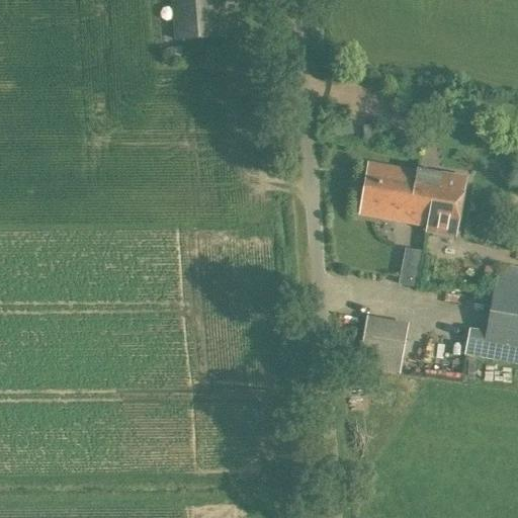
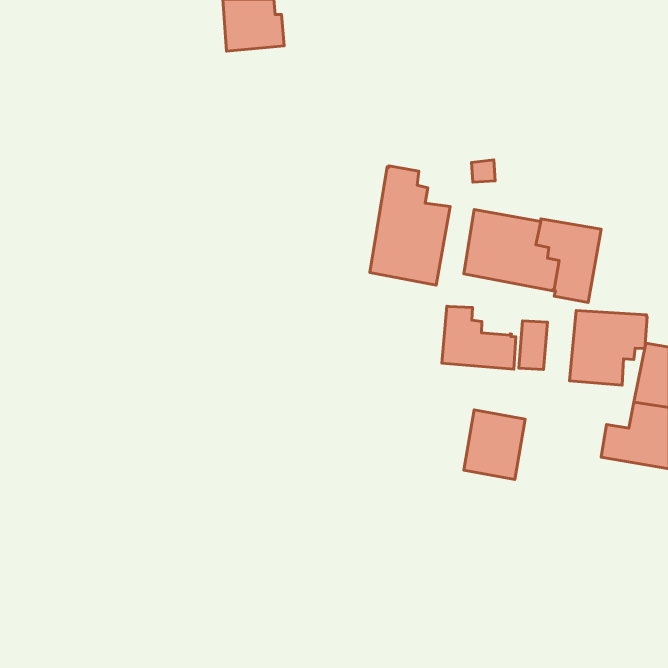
building: none -> [370,166,450,285]
building: none -> [442,306,516,369]
building: none -> [570,311,647,385]

